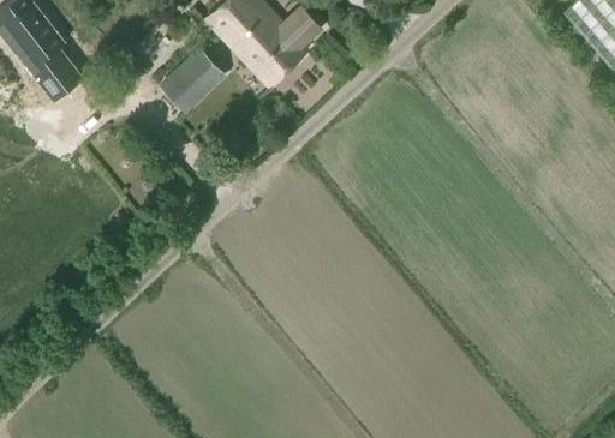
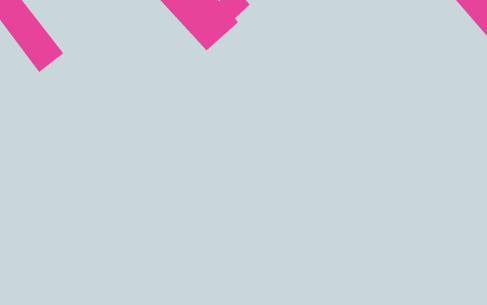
building: [161,48,223,110] -> none

